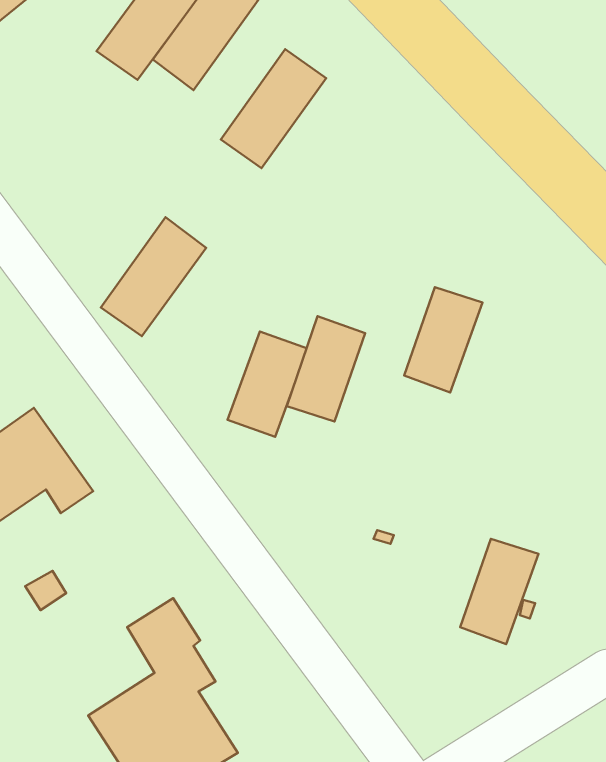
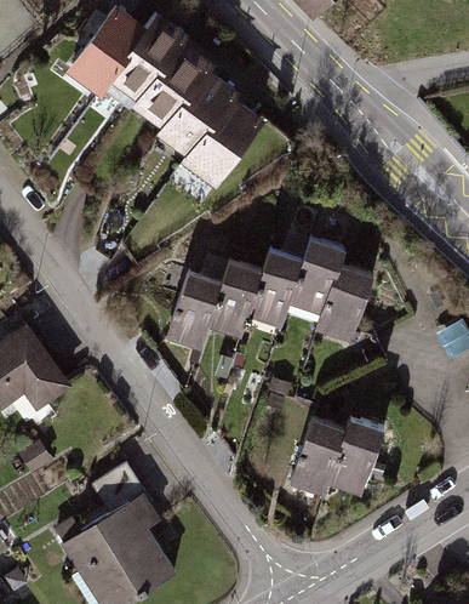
building: none -> [135,41,211,126]
building: [101,217,206,336] -> [184,96,259,181]
building: none -> [247,250,303,326]
building: none -> [319,264,374,340]
building: none -> [291,417,347,494]

